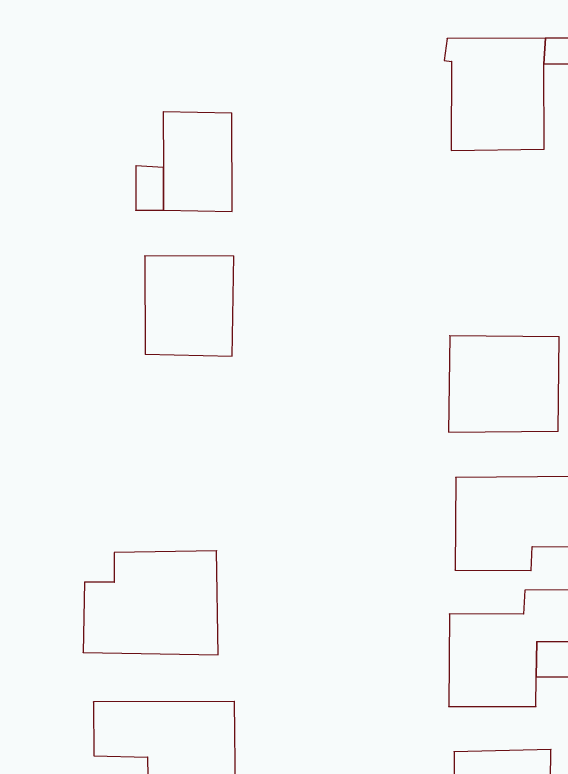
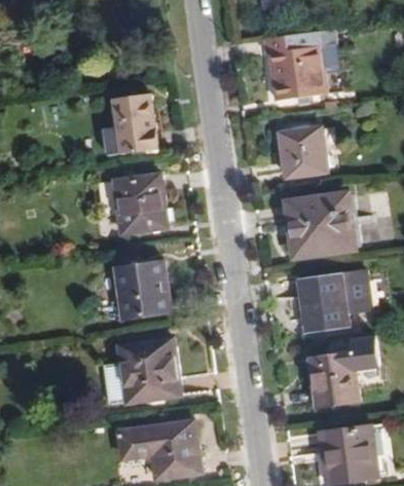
building: none -> [279,126,336,177]
building: none -> [113,261,170,319]

